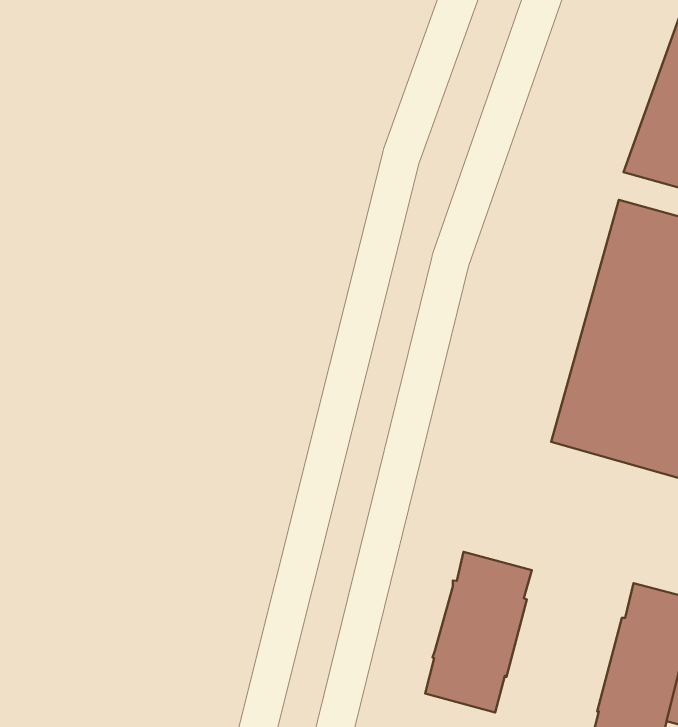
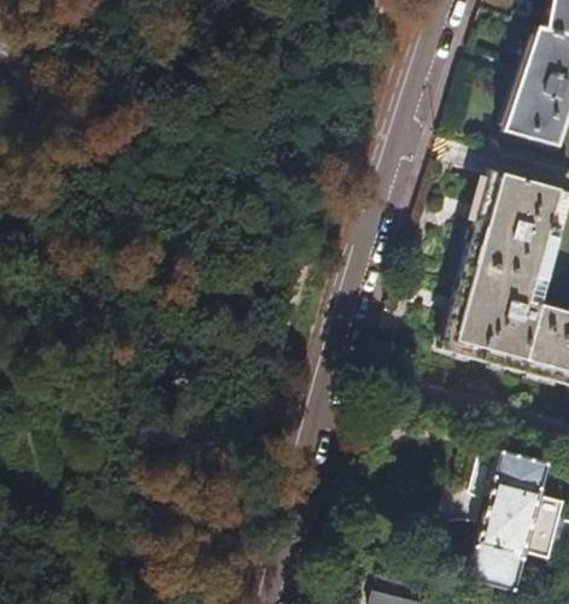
building: [425,552,532,712] -> none

